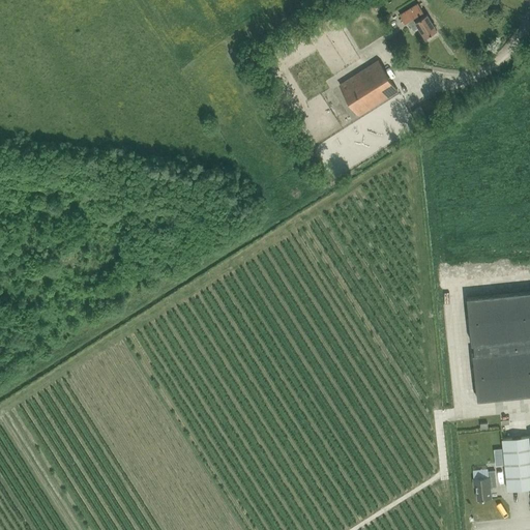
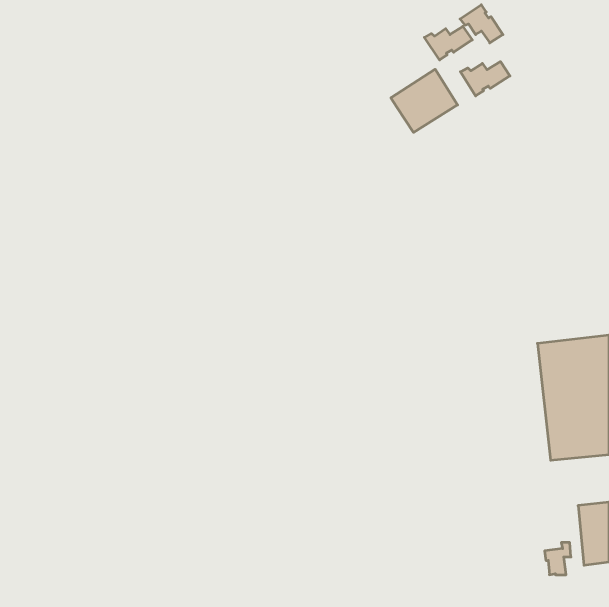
building: none -> [424,26,472,60]
building: none -> [460,62,510,96]

